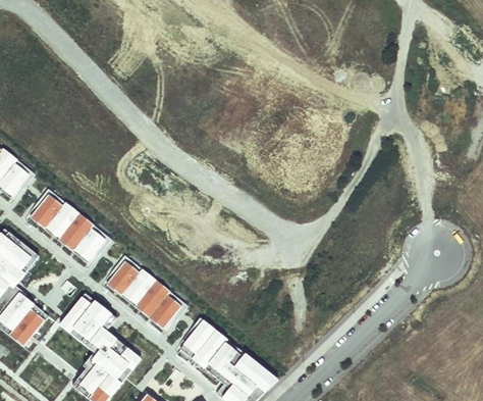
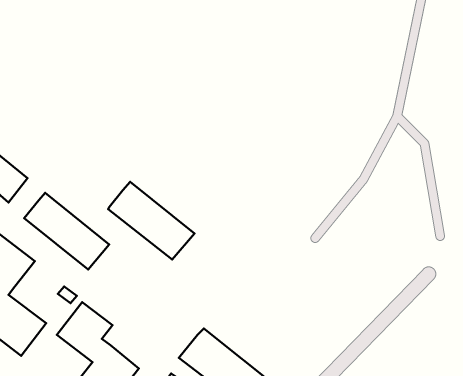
building: [103,255,186,331] -> [108,182,194,260]

